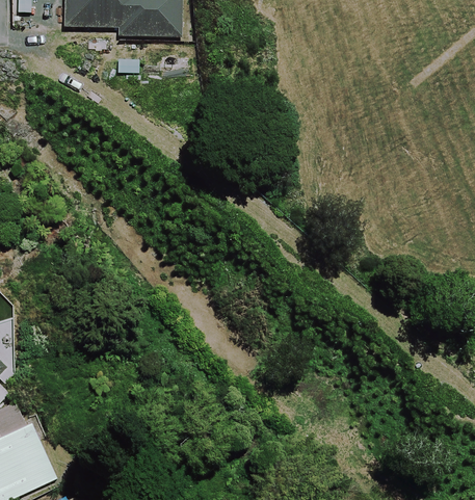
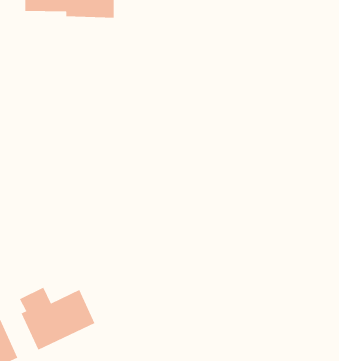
building: none -> [19,287,95,350]

